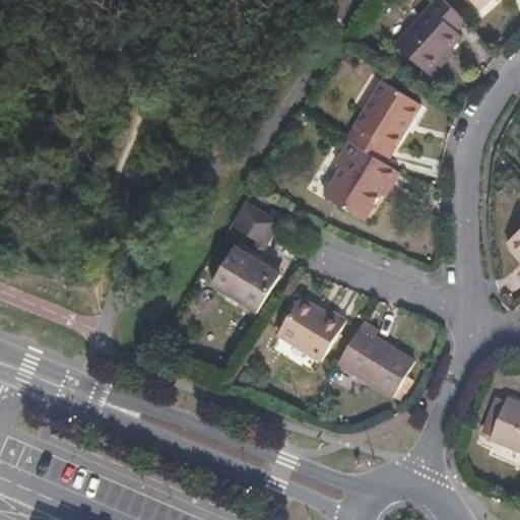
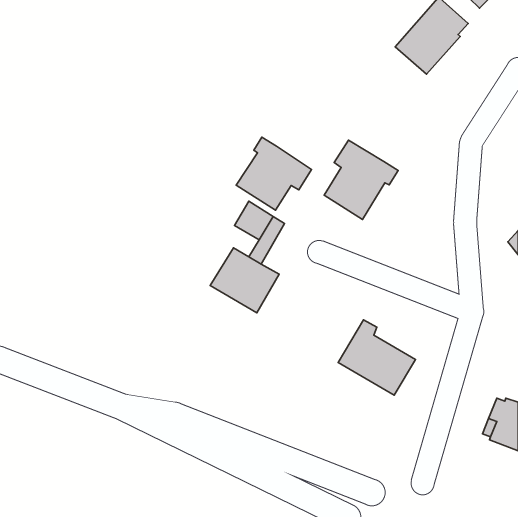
building: [346,81,419,161] -> none
building: none -> [236,137,312,210]
building: [279,297,347,359] -> none

